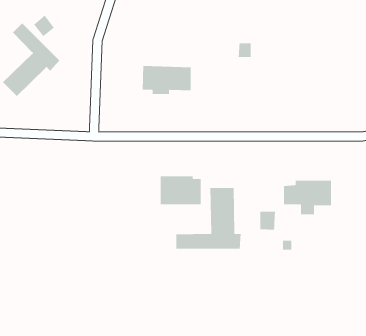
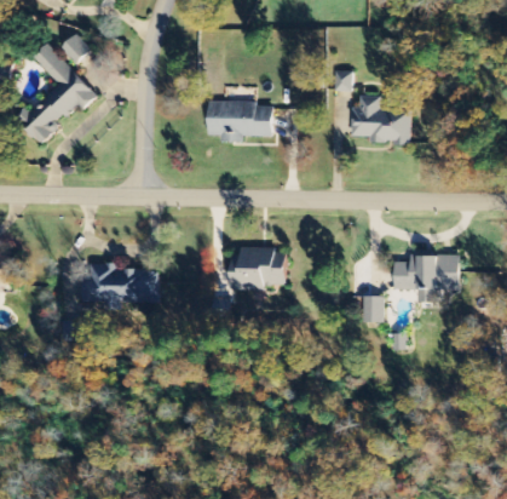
building: none -> [351,92,411,143]
building: none -> [80,262,157,306]
building: [175,187,241,249] -> none

